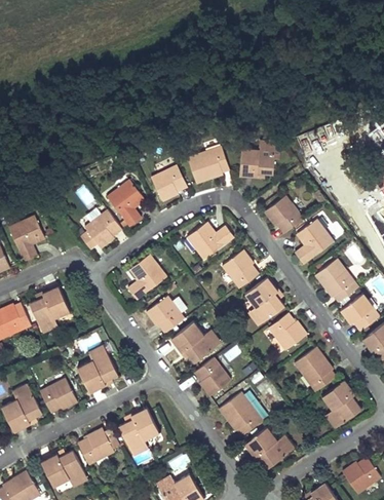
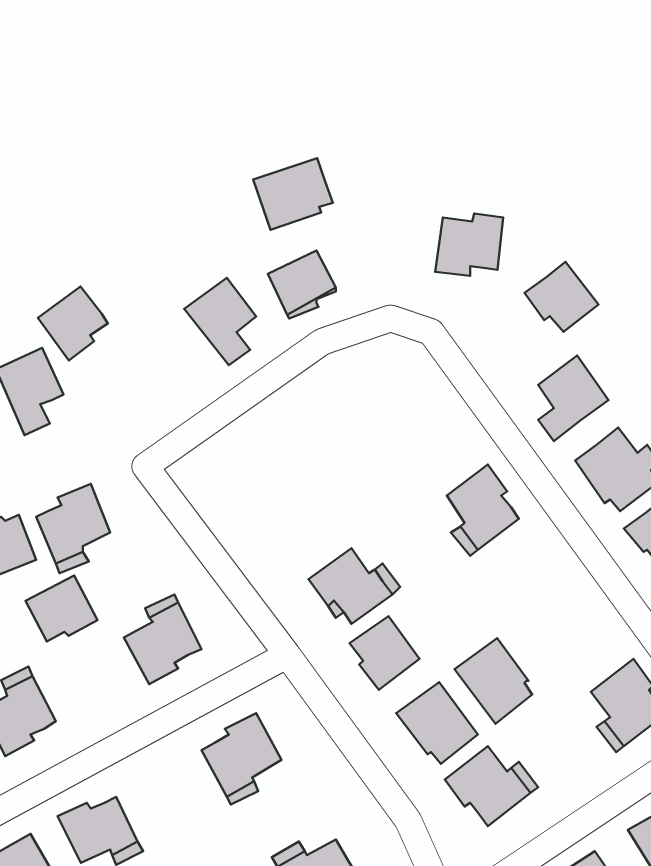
building: [189,147,231,185] -> [253,158,333,230]
building: [263,197,302,234] -> [525,262,599,332]
building: [86,209,123,248] -> [38,287,108,360]
building: [188,222,234,259] -> none
building: [223,251,259,289] -> none
building: [129,255,167,300] -> none
building: [147,296,186,333] -> none
building: [269,313,308,350] -> none
building: [295,347,336,392] -> [454,638,532,724]
building: [38,380,76,415] -> [26,576,98,642]
building: [76,429,113,466] -> none

